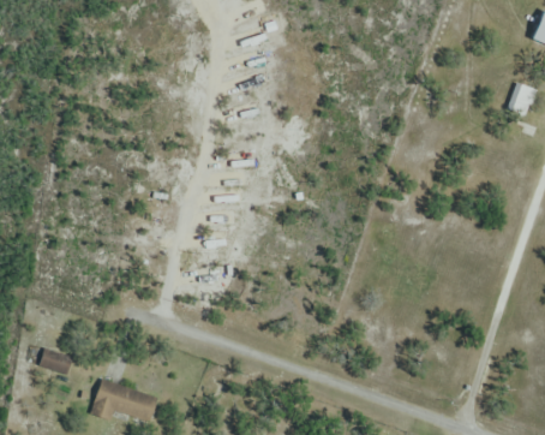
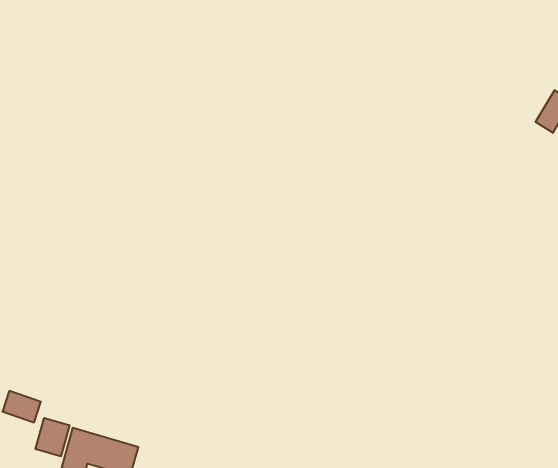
building: none -> [36,418,69,456]

